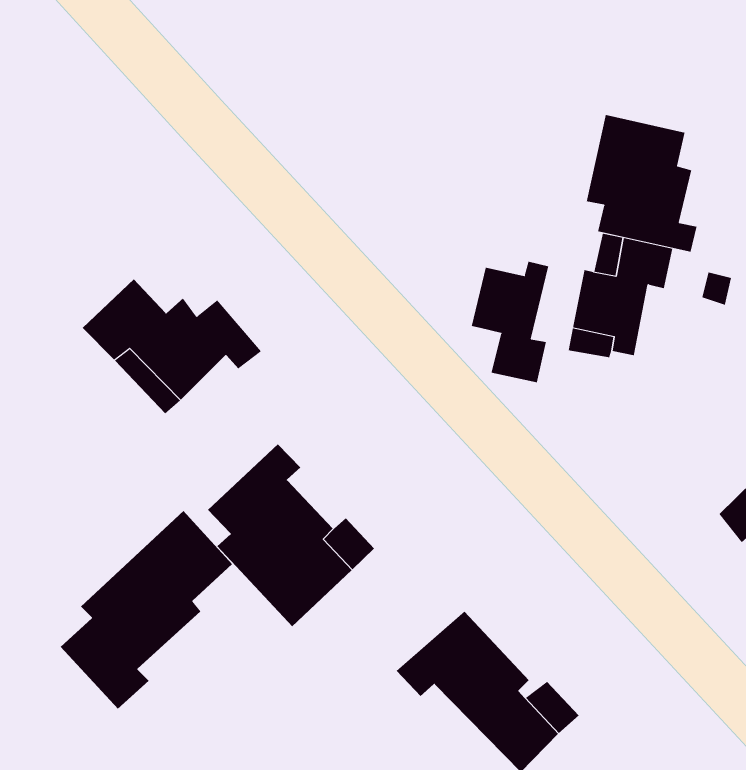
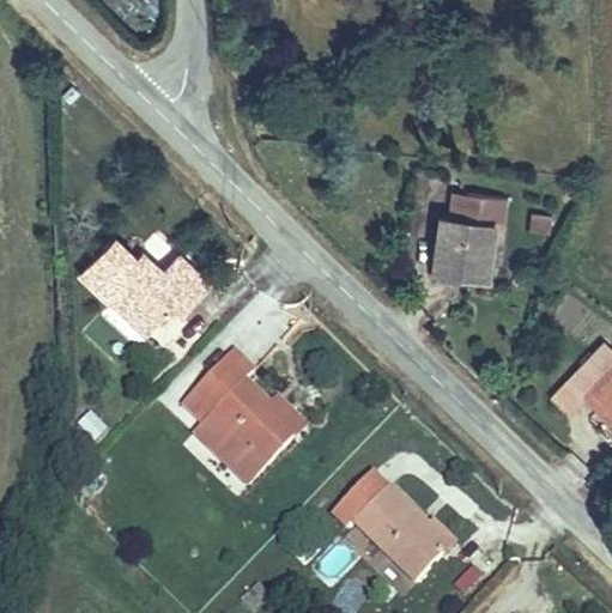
building: [586,114,697,252] -> none
building: [471,261,549,383] -> none
building: [60,510,233,710] -> none

